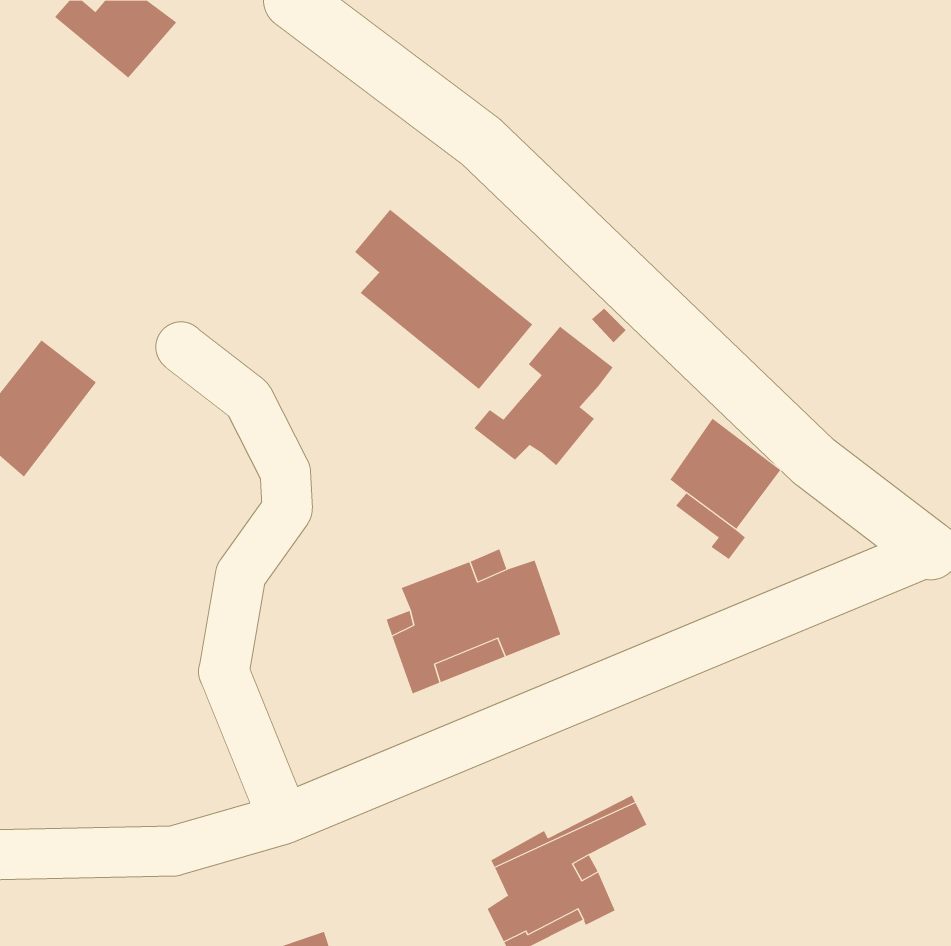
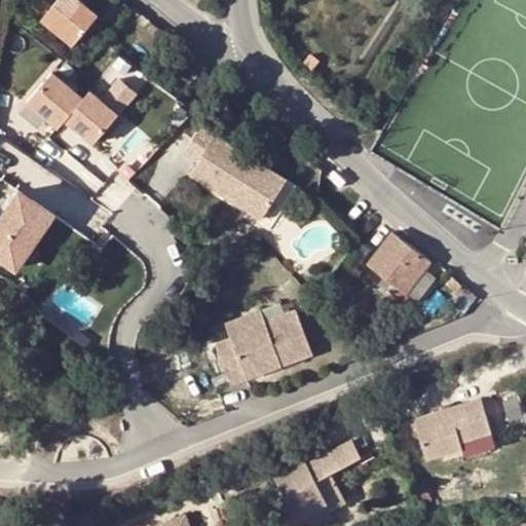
building: none -> [31,76,139,145]
building: [474,326,613,466] -> none
building: none -> [410,400,495,459]

